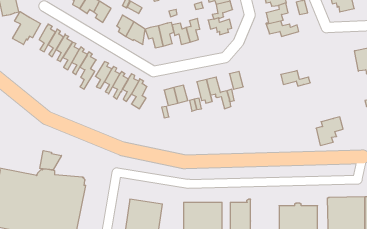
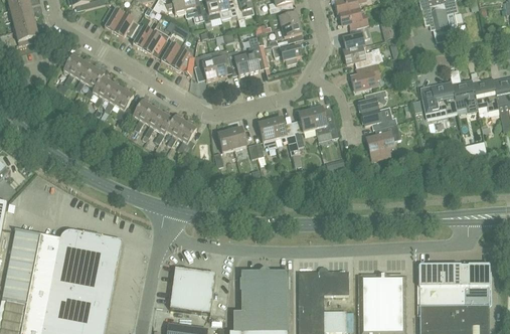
building: none -> [142,26,169,53]
building: [13,12,41,45] -> none
building: none -> [352,63,379,90]
building: none -> [419,78,458,114]
building: none -> [358,89,387,113]
building: none -> [310,106,339,138]
building: [316,117,343,145] -> [368,123,401,158]
building: [40,151,61,170] -> none
building: none -> [324,267,349,294]

